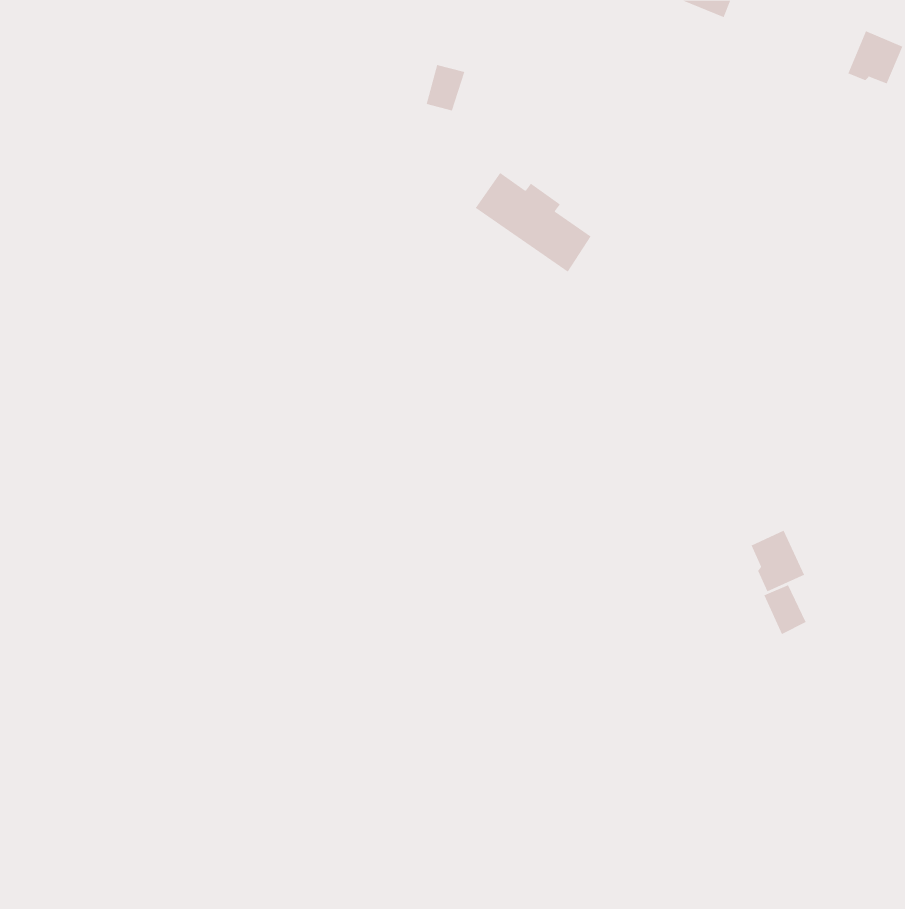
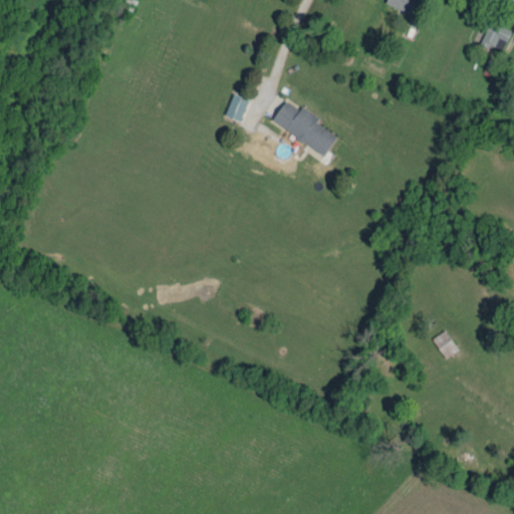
building: [426,65,465,111] -> [227,94,249,120]
building: [751,530,805,592] -> none

